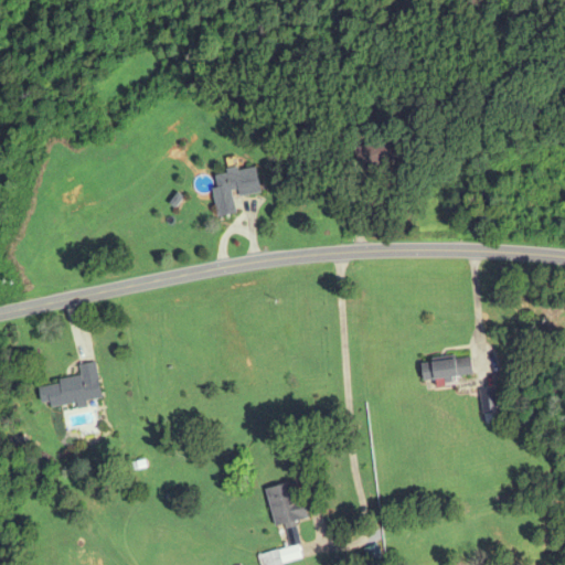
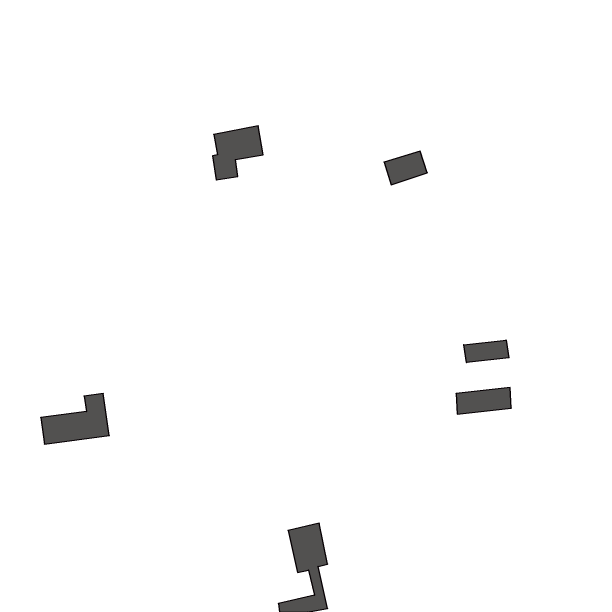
building: [213,167,259,216] -> [213,126,263,180]
building: none -> [464,340,509,363]

